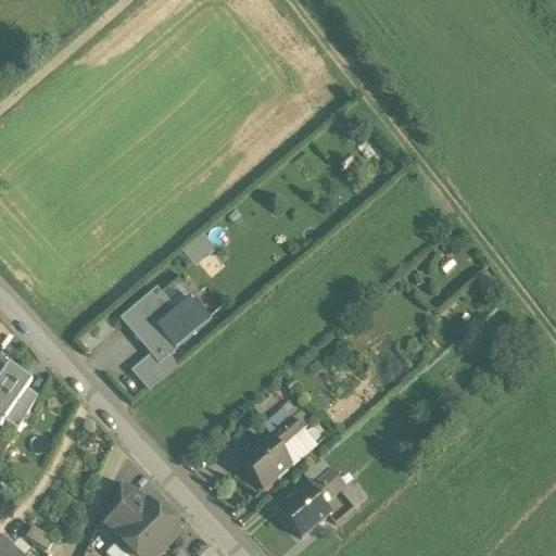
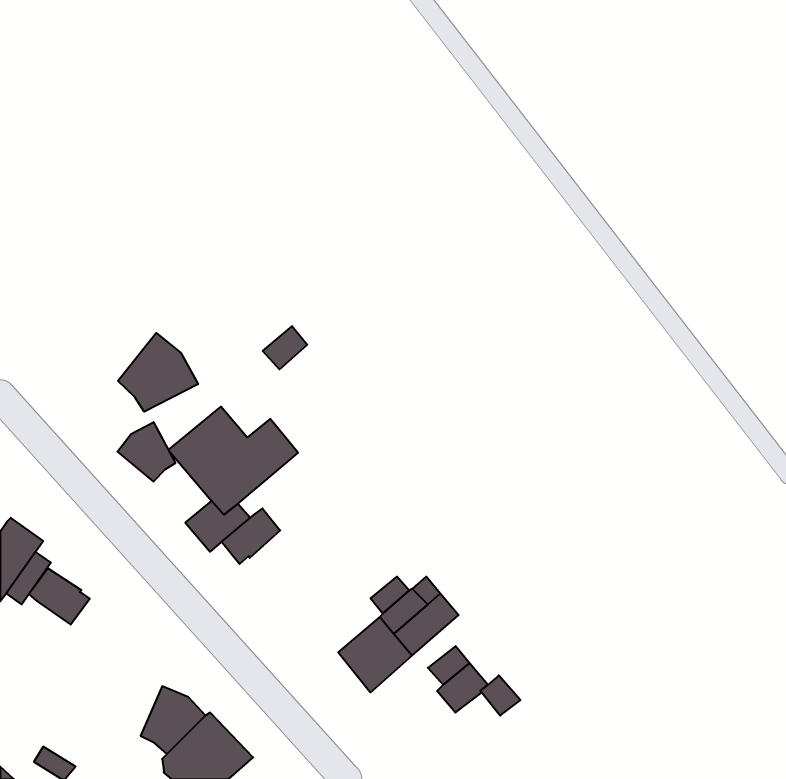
building: none -> [118,333,198,412]
building: none -> [117,422,175,482]
building: none -> [222,508,280,564]
building: none -> [29,568,90,625]
building: [280,484,330,533] -> none

